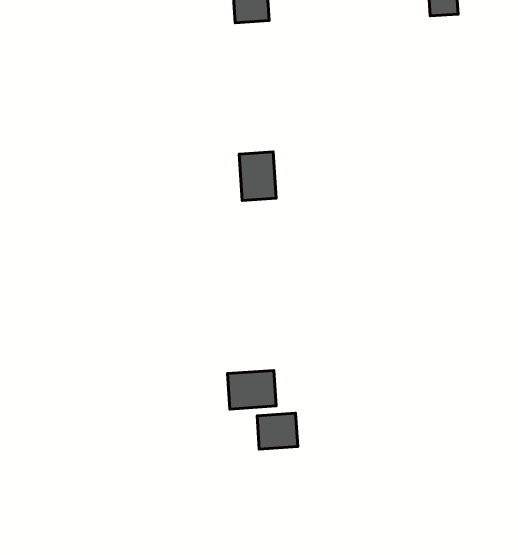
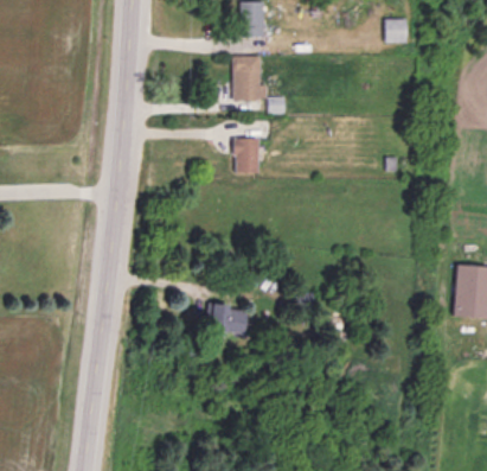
building: none -> [233,56,263,100]
building: [257,413,298,449] -> none

